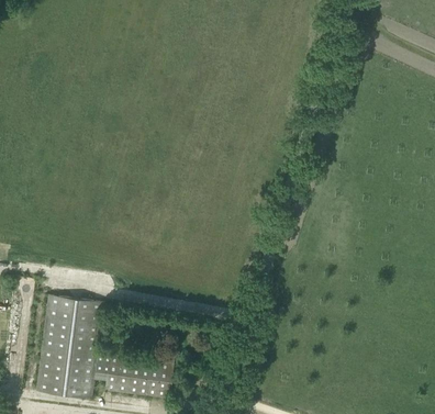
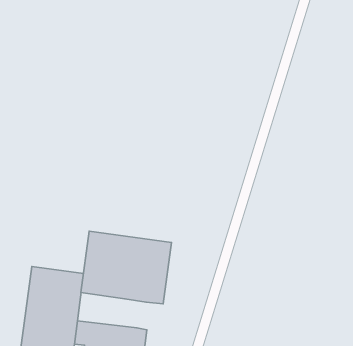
building: none -> [81,231,171,304]

